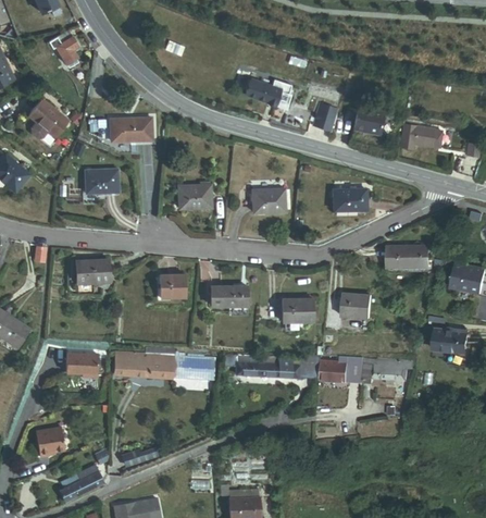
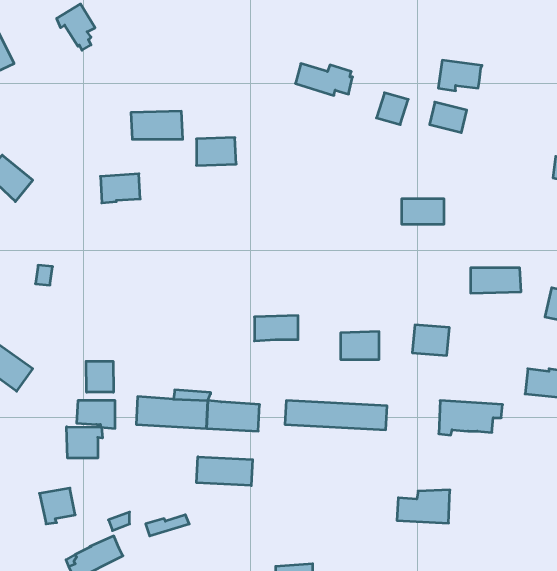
building: [28,98,68,137] -> none
building: [399,123,435,148] -> [438,60,482,91]
building: [178,186,211,209] -> [196,138,236,165]
building: [253,188,286,212] -> none
building: [77,259,110,282] -> none
building: [160,274,186,297] -> none
building: none -> [86,361,113,392]
building: [320,355,363,382] -> [397,490,450,523]
building: none -> [67,427,102,458]
building: none -> [197,457,253,486]

